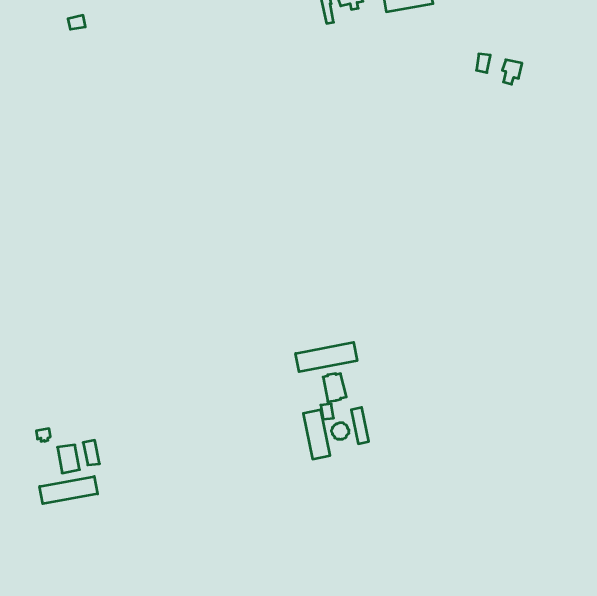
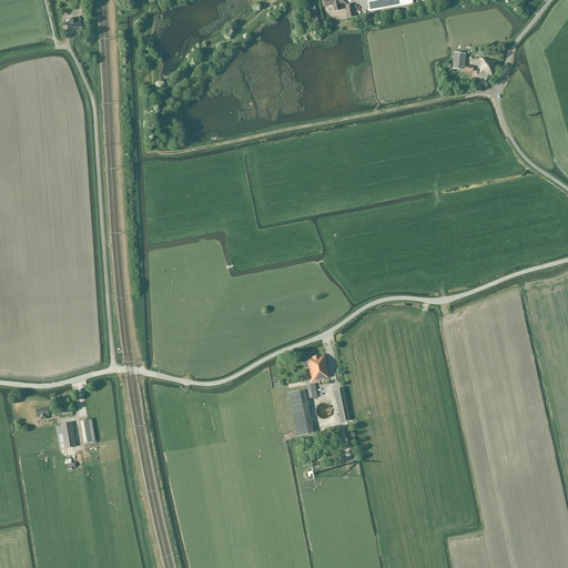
building: [296,342,357,372] -> none
building: [40,476,98,504] -> none

